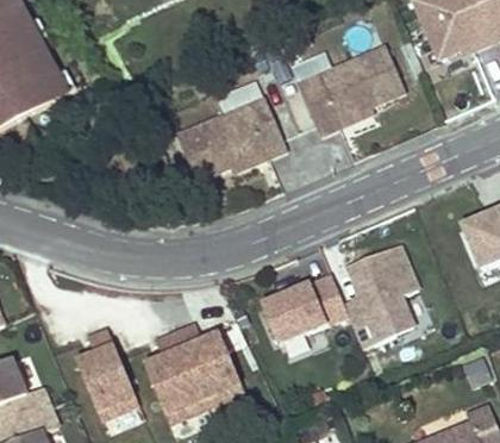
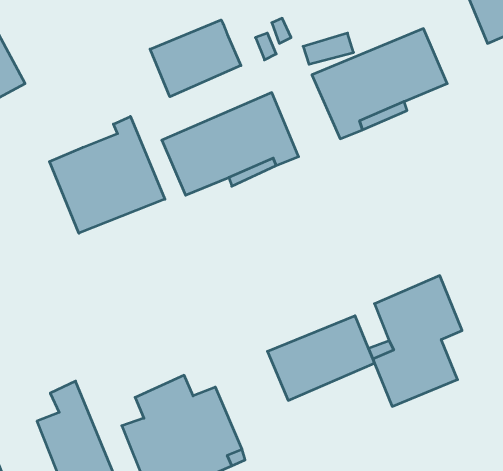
building: none -> [150,20,241,97]
building: none -> [49,116,165,233]

